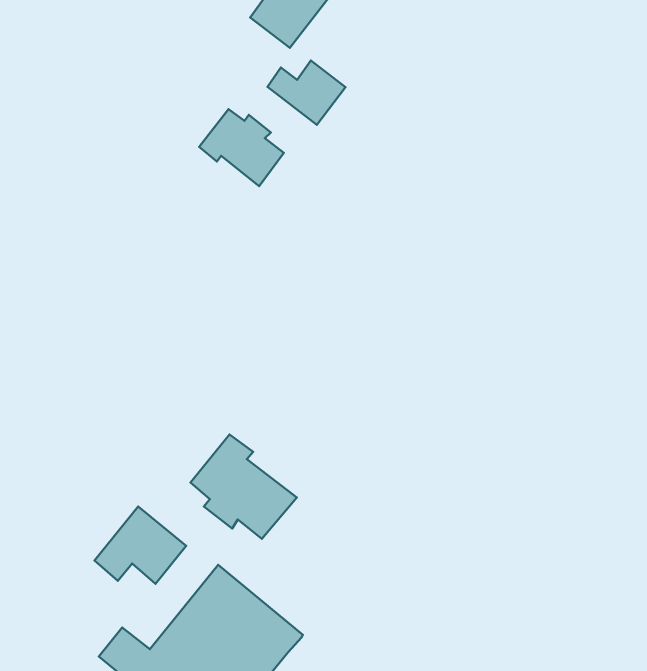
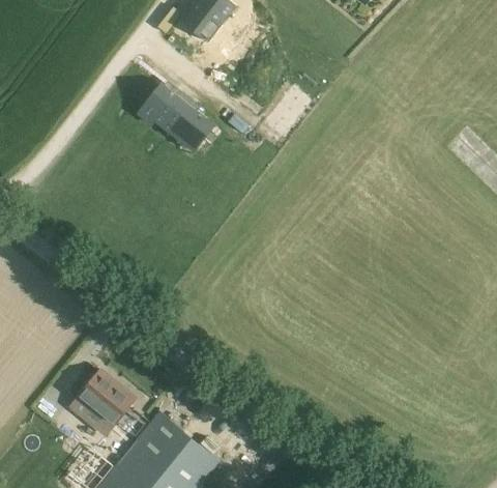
building: [267,61,346,125] -> none
building: [190,434,297,539] -> none

